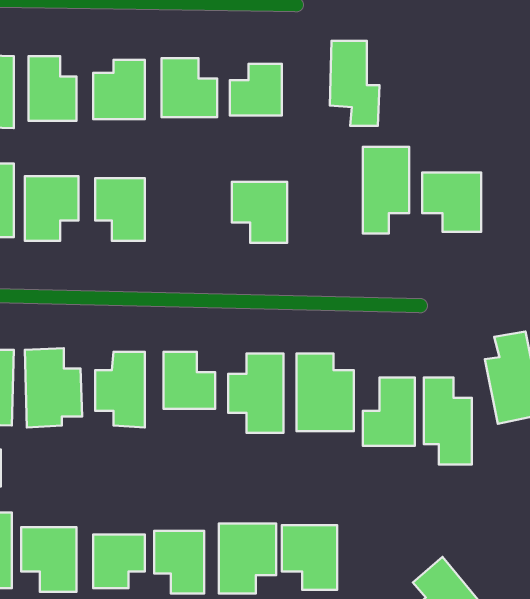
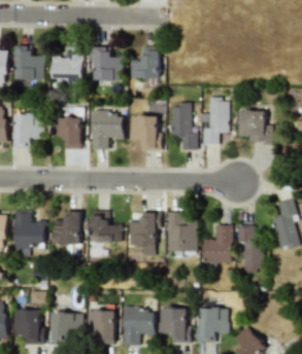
building: [330,41,380,126] -> [169,103,197,150]
building: none -> [91,110,123,150]
building: none -> [195,308,228,344]

